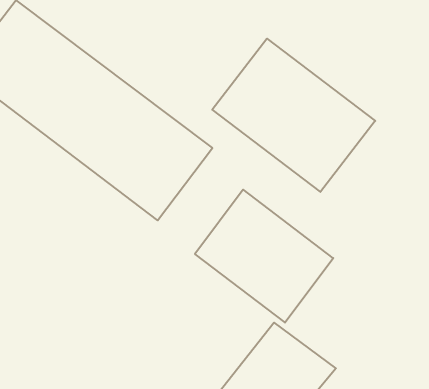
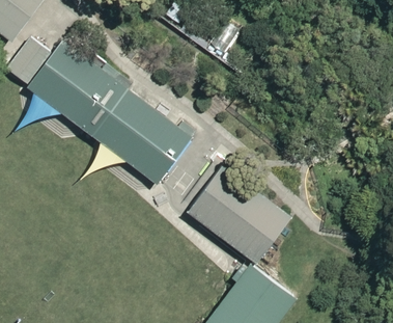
building: [212,39,375,192] -> none

